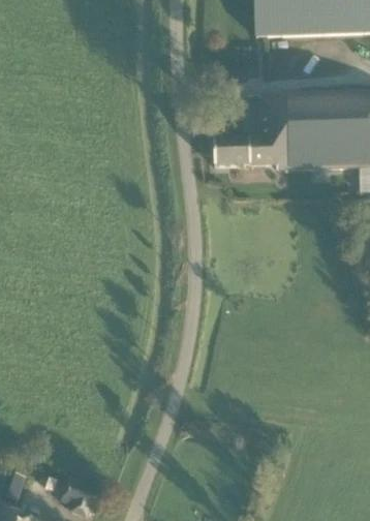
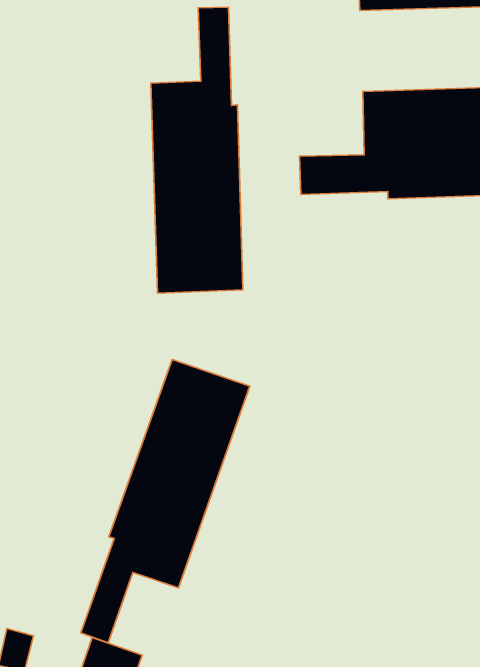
building: none -> [151,7,243,293]
building: none -> [81,359,250,643]

